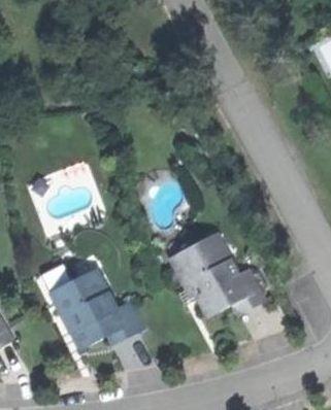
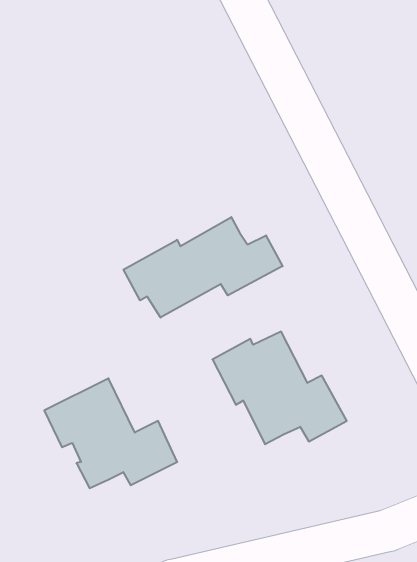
building: none -> [124,217,283,318]

